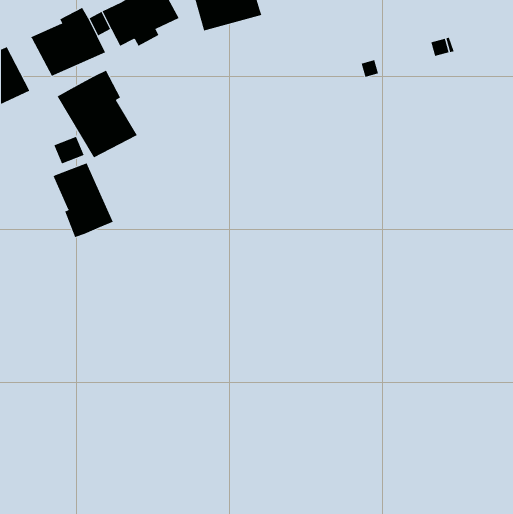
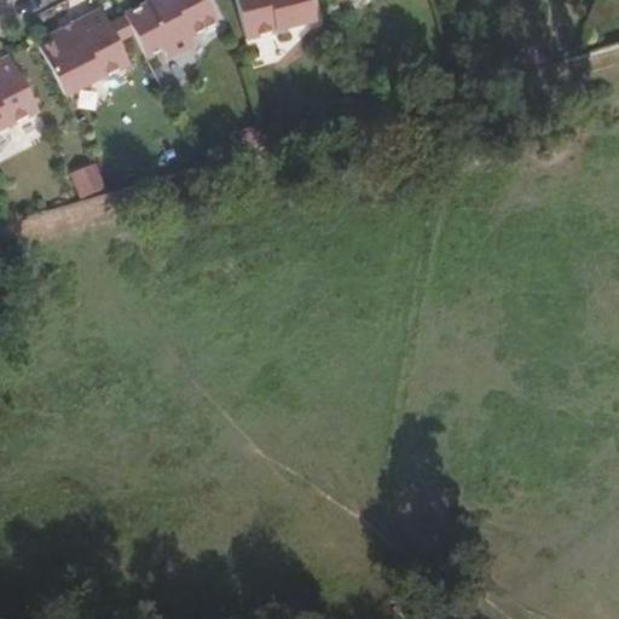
building: [57,70,138,158] -> none
building: [53,163,114,238] -> none

